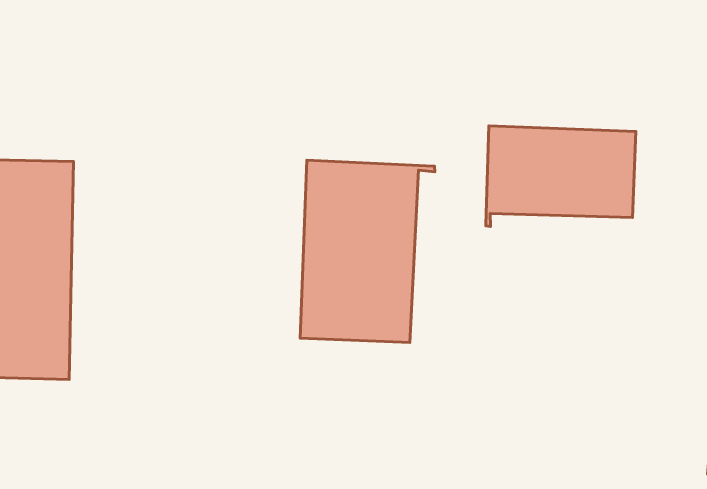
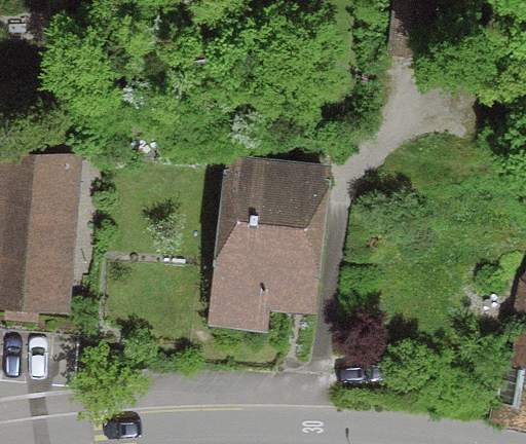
building: [486,126,636,226] -> none

